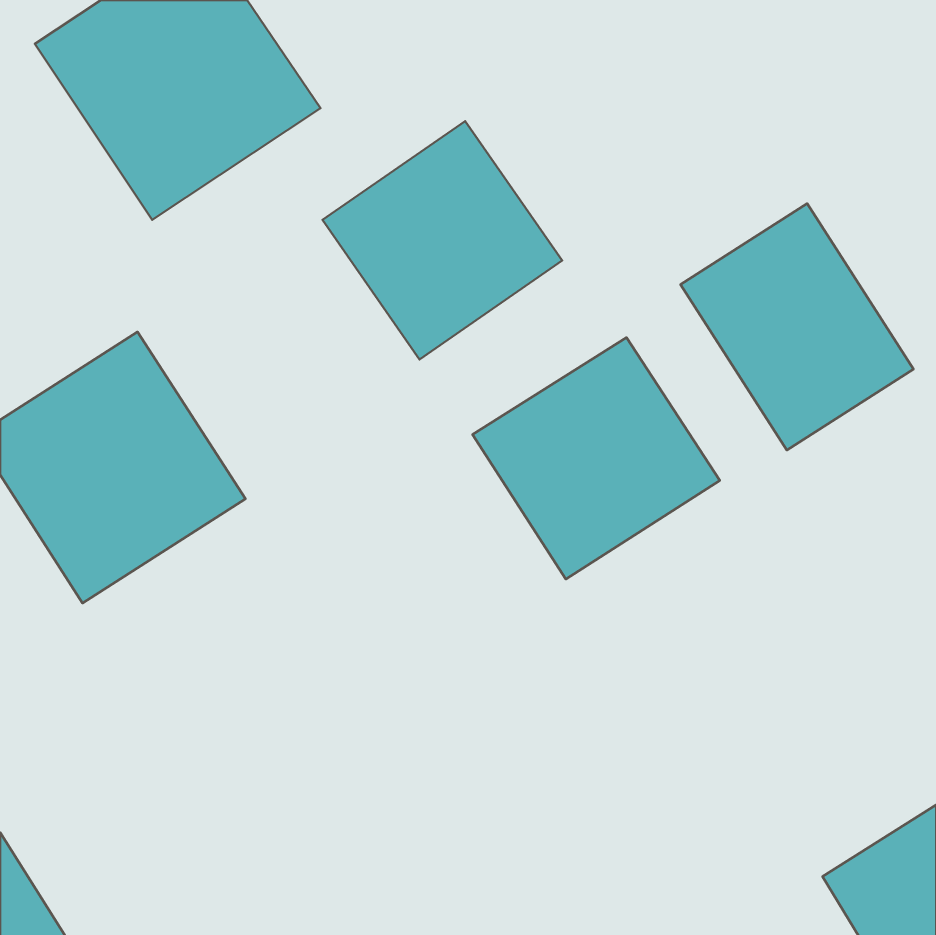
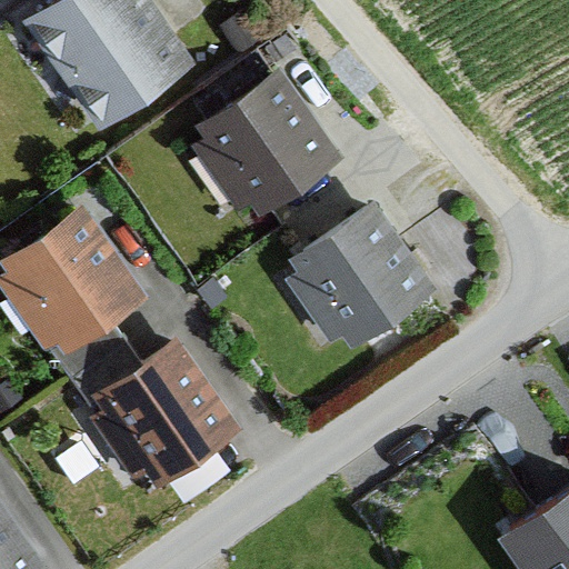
building: [680,204,914,450] -> none
building: none -> [81,333,243,493]

